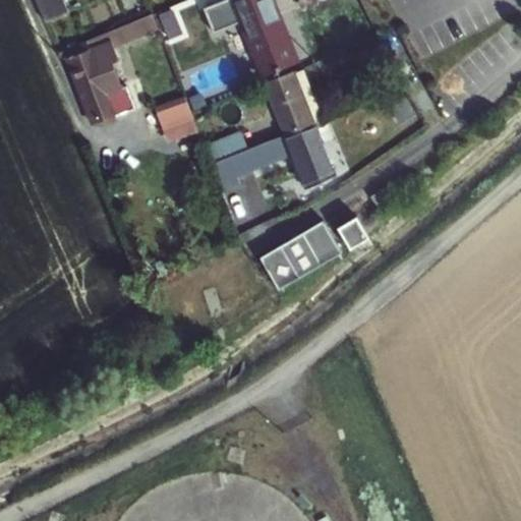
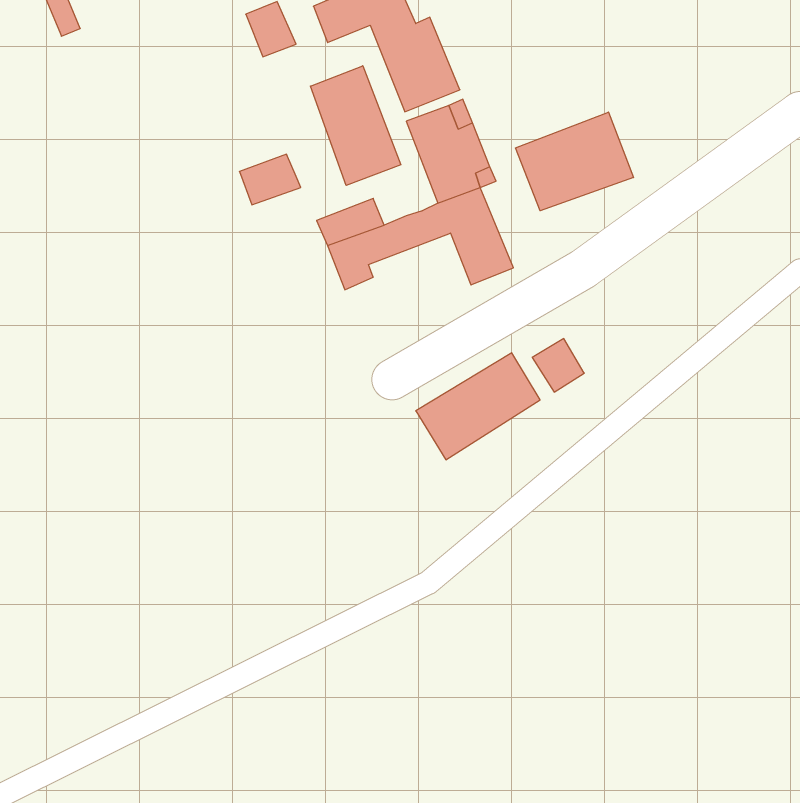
building: [65,15,159,125] -> none
building: none -> [310,66,401,185]
building: none -> [516,112,633,211]

